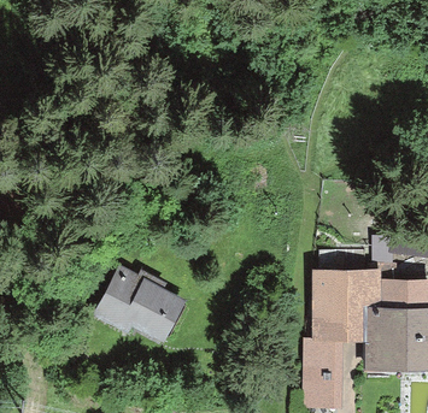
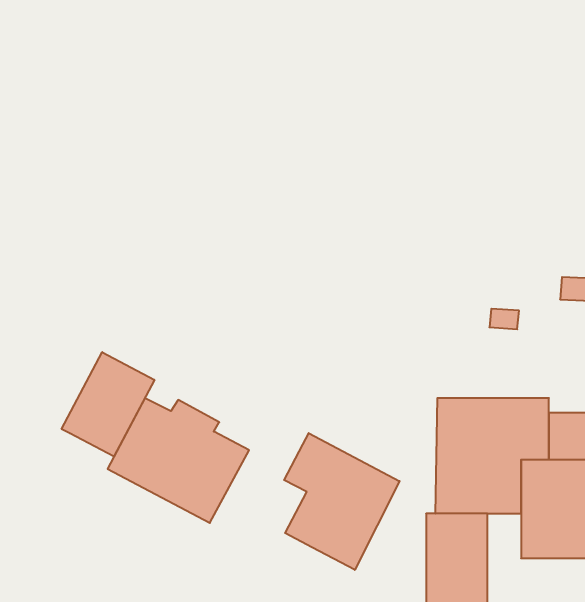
building: none -> [62,352,154,457]
building: none -> [284,433,400,570]

